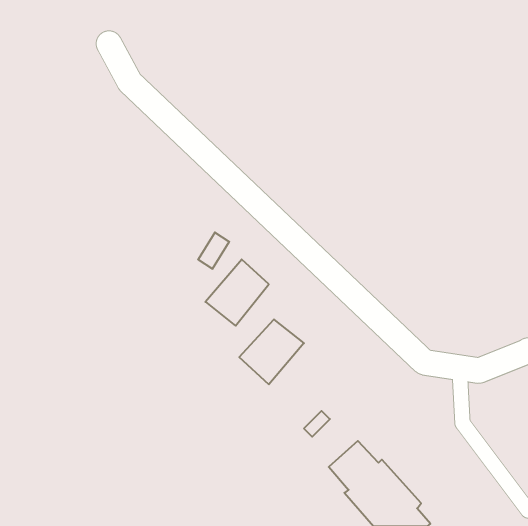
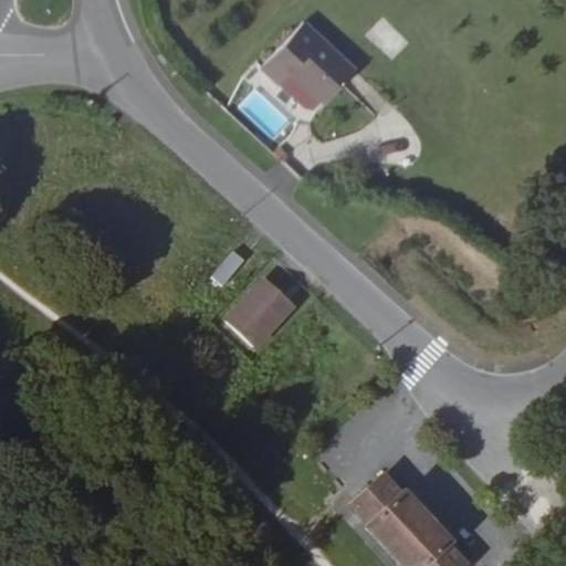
building: none -> [266,25,359,118]
building: [239,319,304,384] -> none

